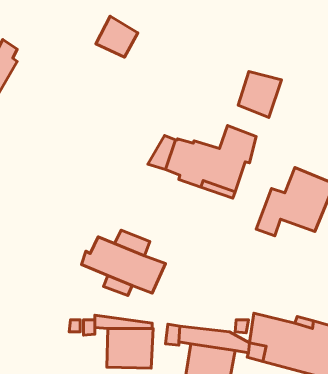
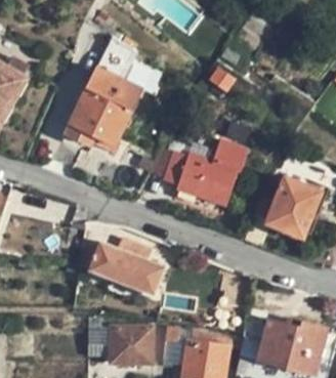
building: none -> [65,68,142,149]
building: [238,71,282,118] -> none

